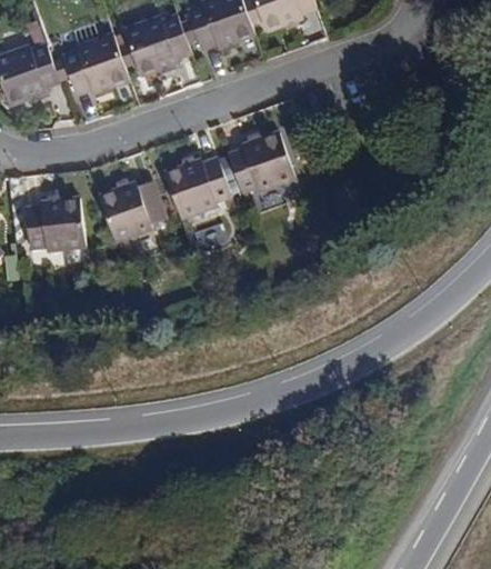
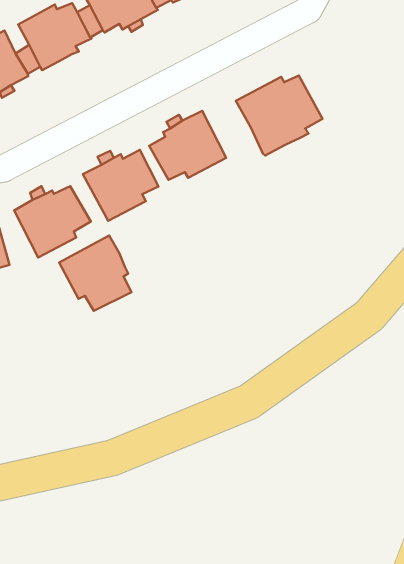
building: none -> [236,76,323,155]
building: none -> [59,236,131,311]

